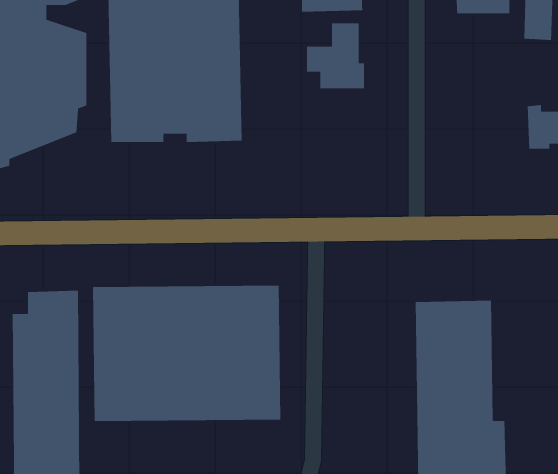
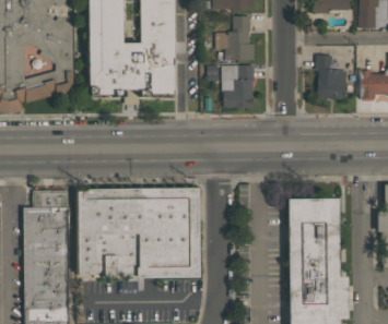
building: none -> [317,55,348,99]
building: none -> [223,65,255,108]

